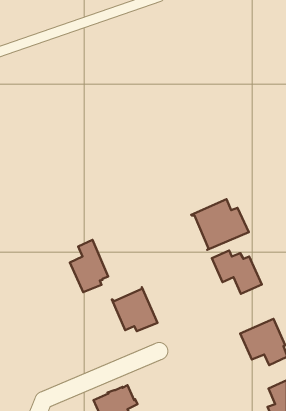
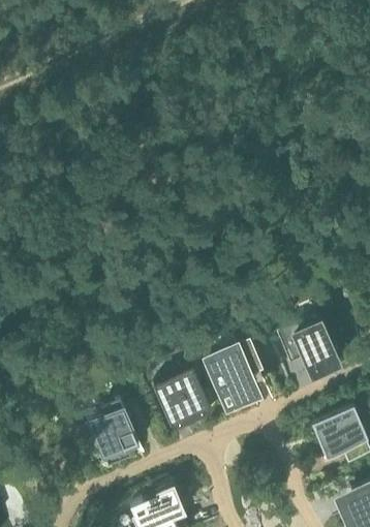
building: [191,199,249,250] -> none
building: [70,240,108,292] -> [91,400,138,465]
building: none -> [208,346,256,404]

